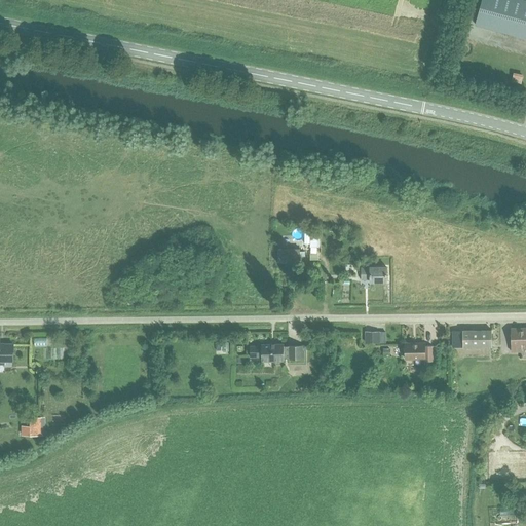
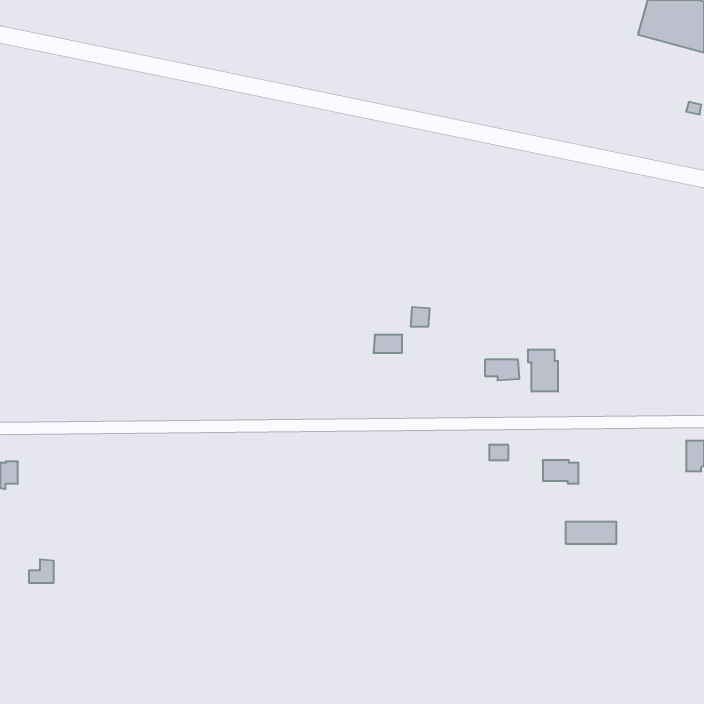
building: none -> [528,349,558,392]
building: [453,330,491,346] -> [566,522,616,544]
building: [250,344,302,361] -> none

